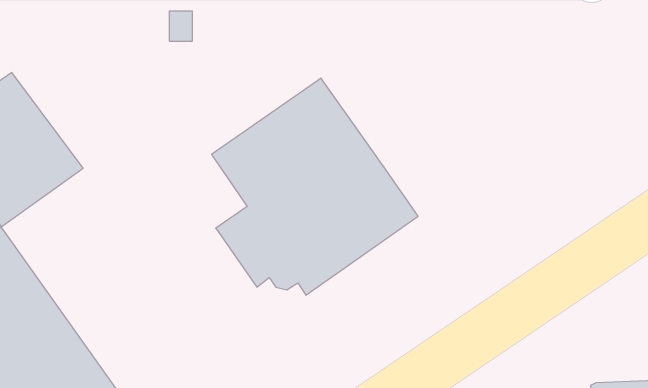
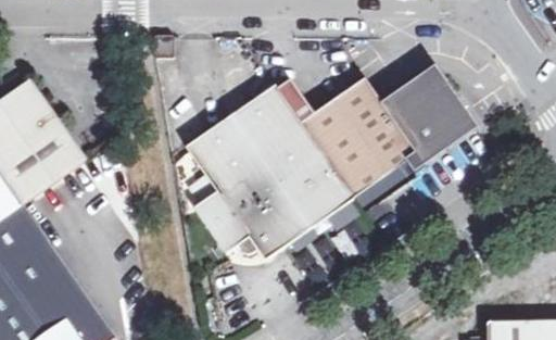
building: none -> [277,65,471,194]

